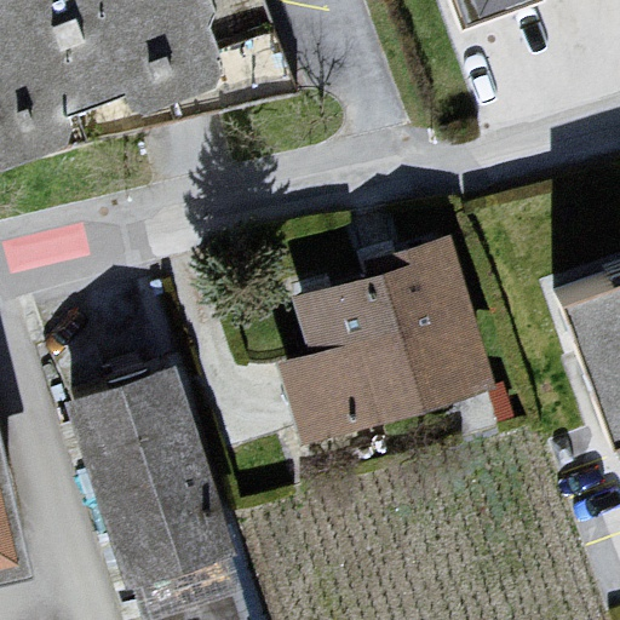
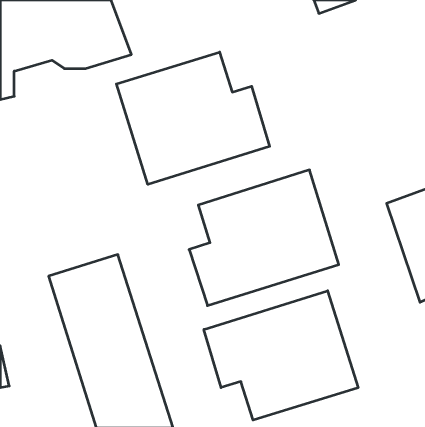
building: none -> [116,52,270,184]
building: none -> [204,291,358,420]

